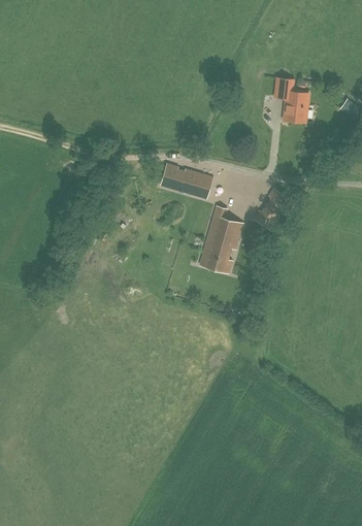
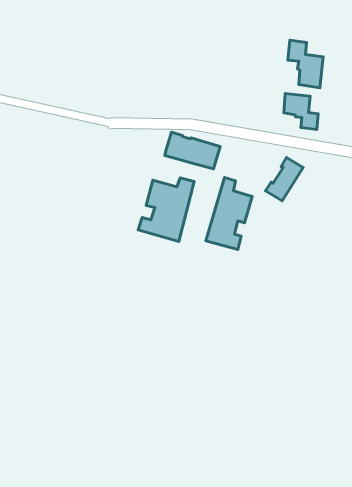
building: none -> [284,93,318,129]
building: none -> [138,178,194,241]

